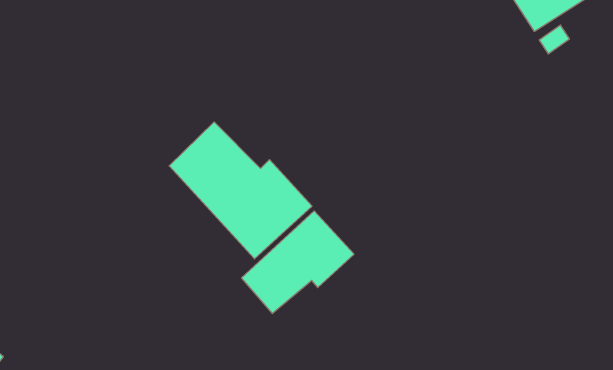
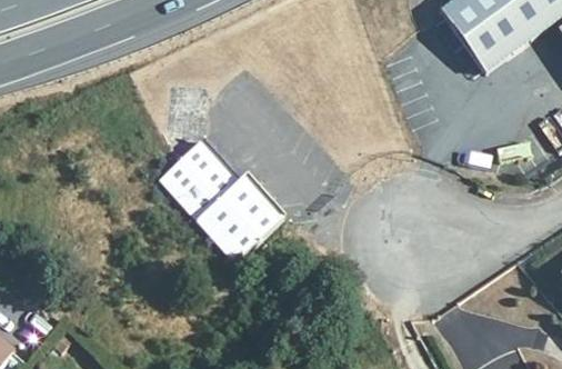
building: [242,211,354,314] -> none

